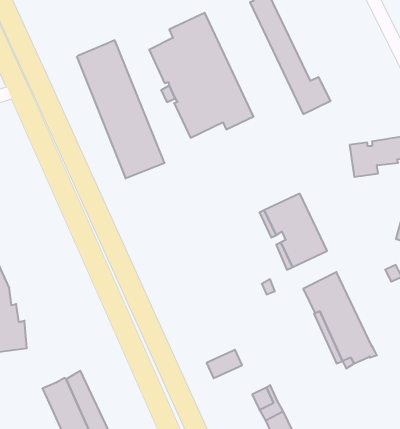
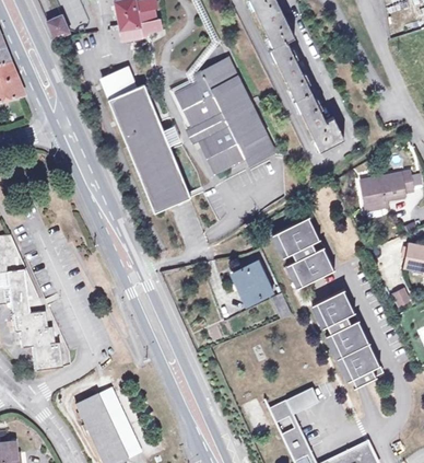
building: none -> [102,66,136,96]
building: none -> [233,258,272,301]
building: [207,350,242,378] -> [286,387,319,414]

